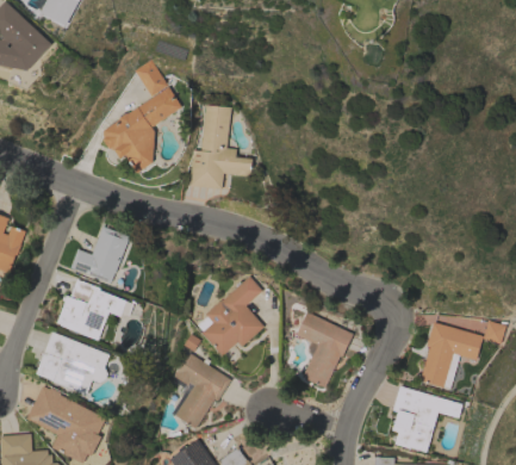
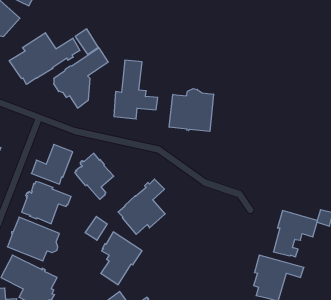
building: none -> [9,33,80,84]
building: none -> [169,89,213,131]
building: none -> [75,153,114,199]
building: [296,311,353,388] -> none
building: none -> [85,216,107,240]

